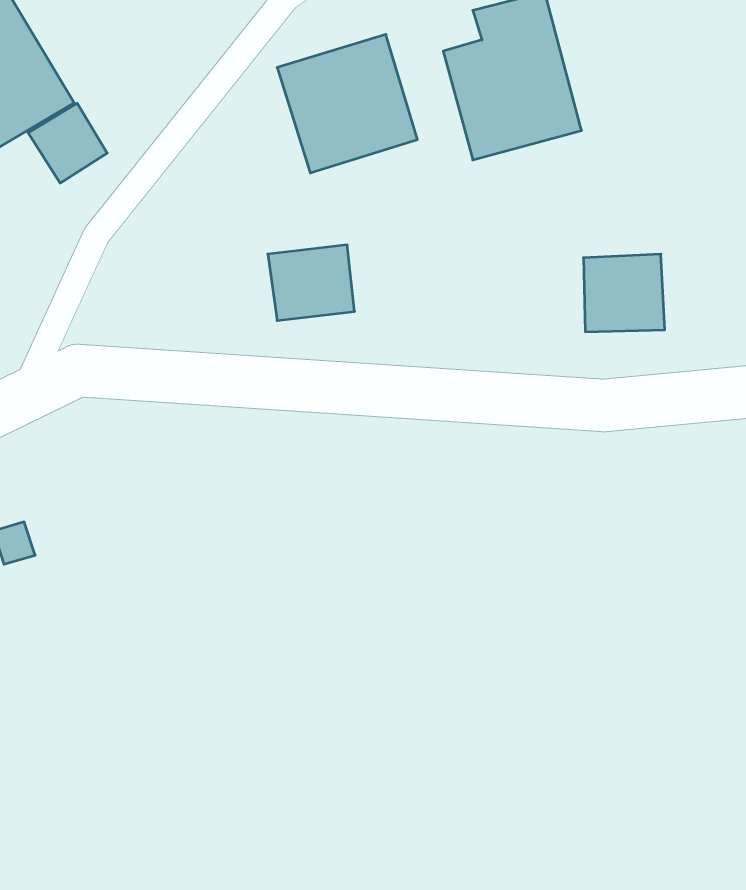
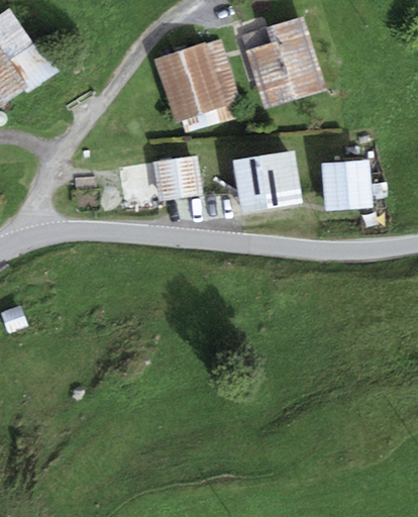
building: [28,103,107,183] -> none
building: none -> [231,146,299,209]

